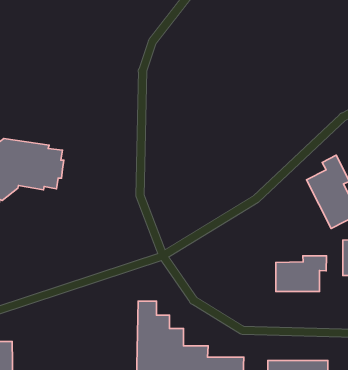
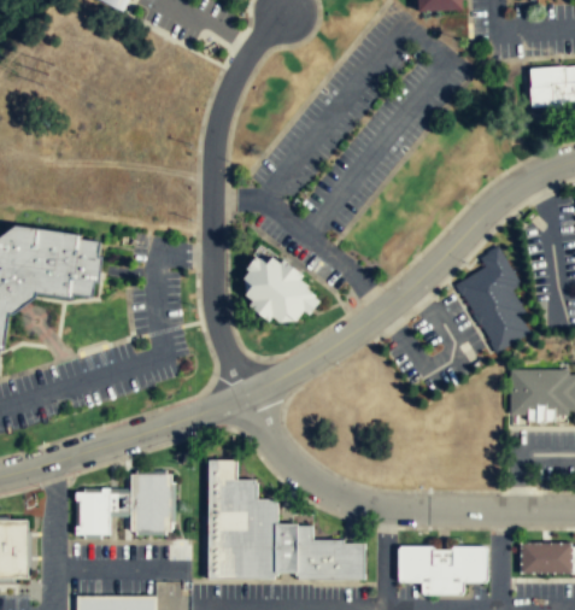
building: none -> [244,254,316,321]
building: [276,256,326,291] -> none
building: none -> [76,470,174,538]

